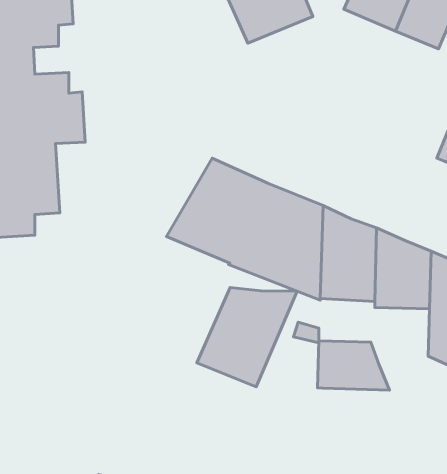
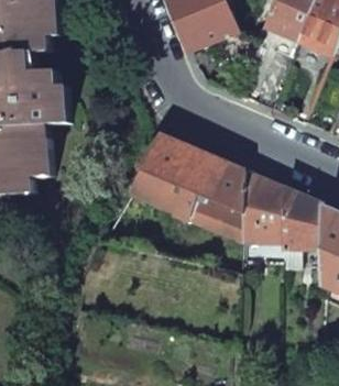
building: [197,287,297,387] -> none
building: [318,341,390,390] -> none

